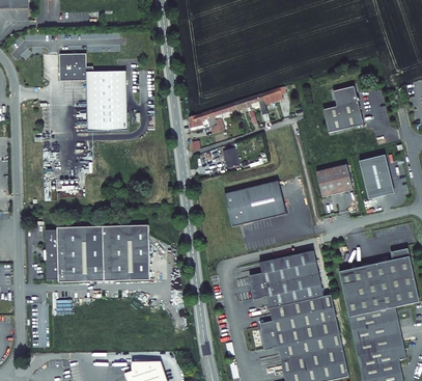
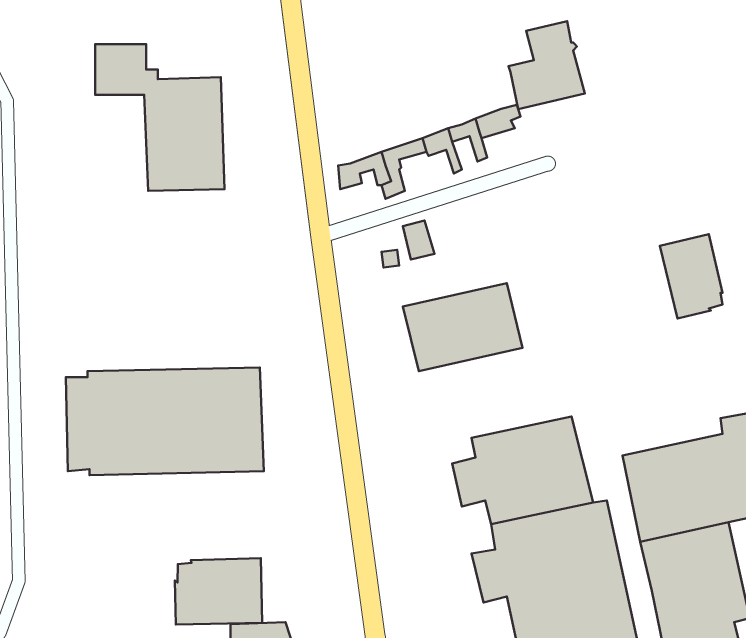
building: [322,85,363,132] -> [508,21,585,109]
building: [315,163,353,196] -> none
building: none -> [175,558,262,625]

